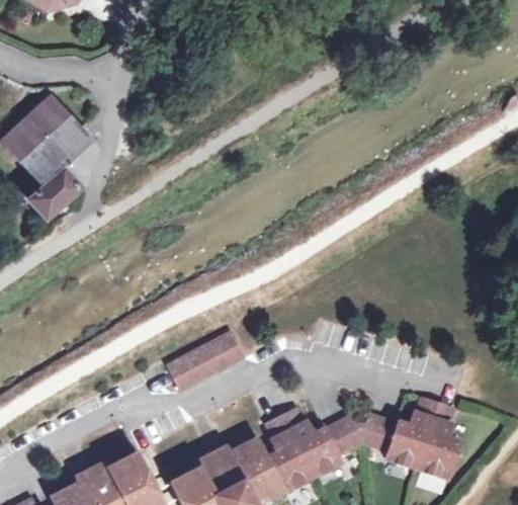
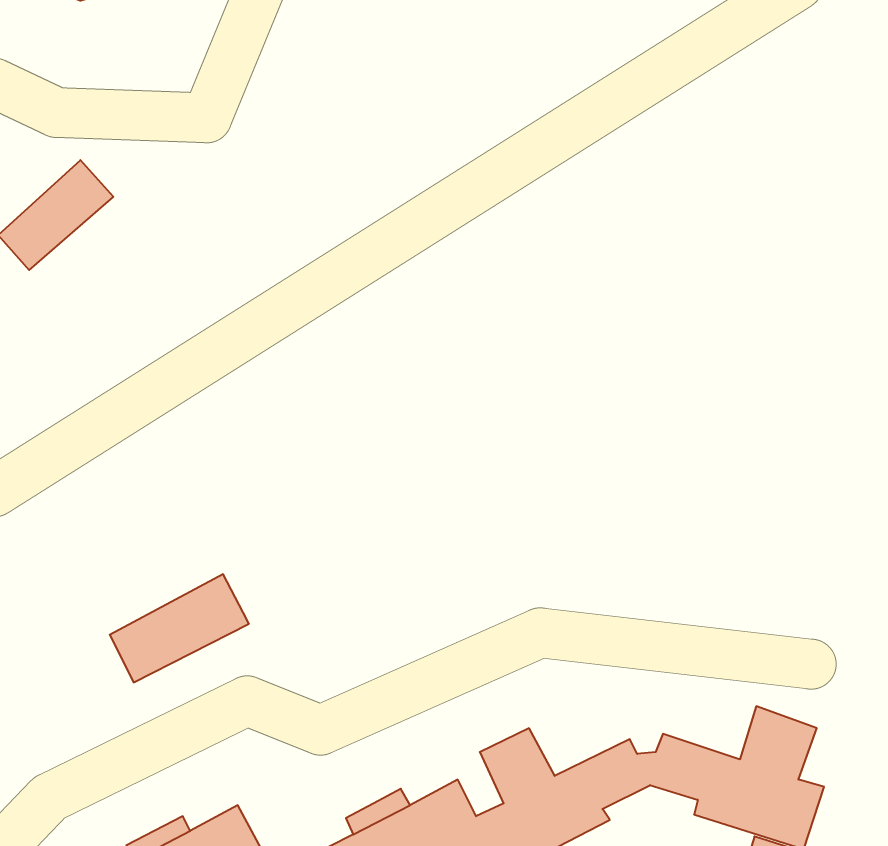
building: [19,117,94,219] -> none
building: [166,331,243,391] -> [110,574,249,682]

